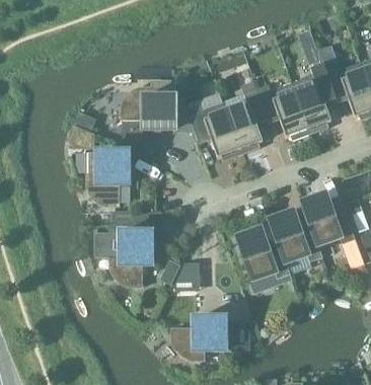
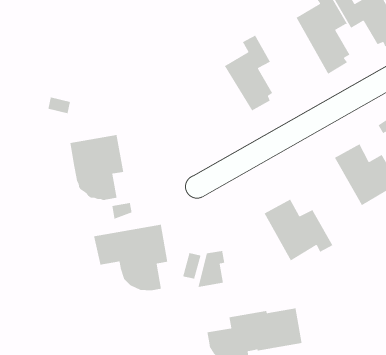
building: [123,77,175,138] -> none
building: [256,80,310,138] -> none
building: [188,102,242,158] -> none
building: [271,201,322,273] -> none

